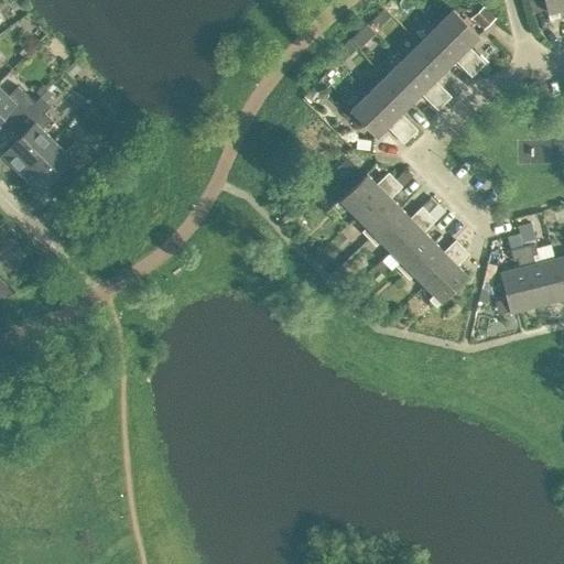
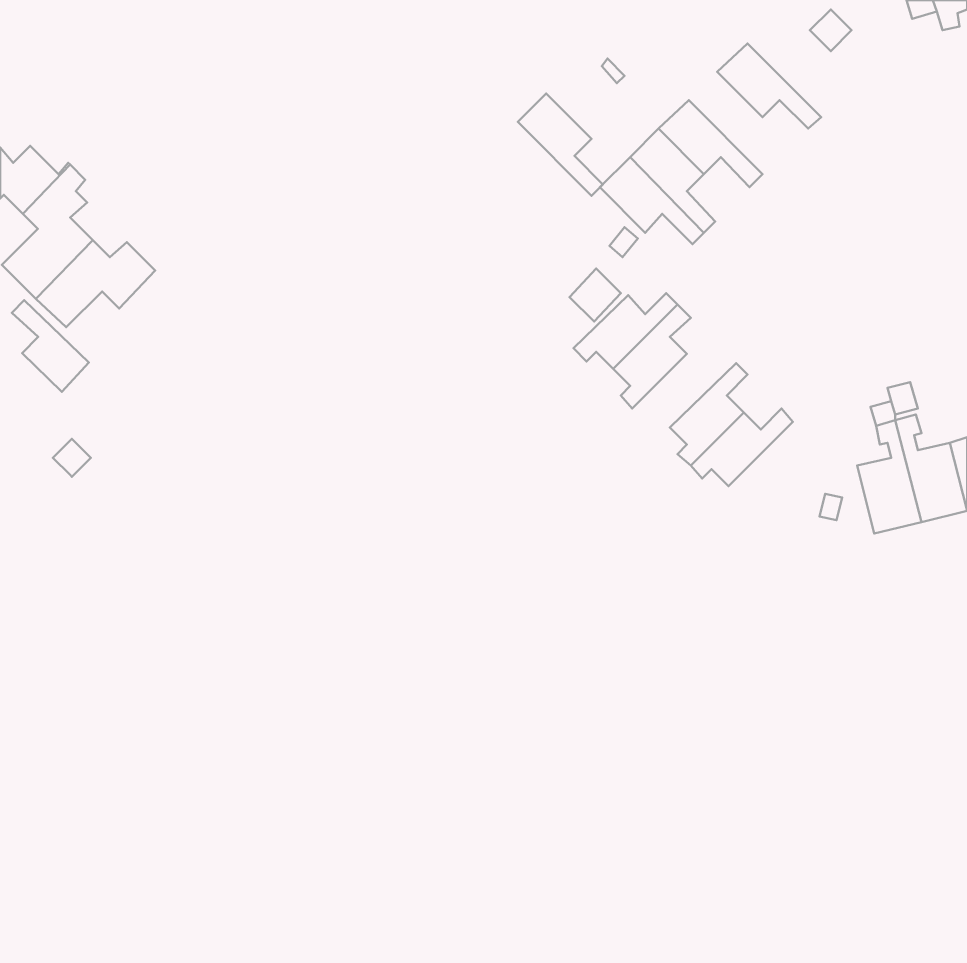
building: [435,10,485,70] -> none
building: [401,44,451,104] -> [518,94,603,196]
building: none -> [12,300,89,392]
building: [368,207,429,251] -> none
building: [424,248,468,307] -> none

